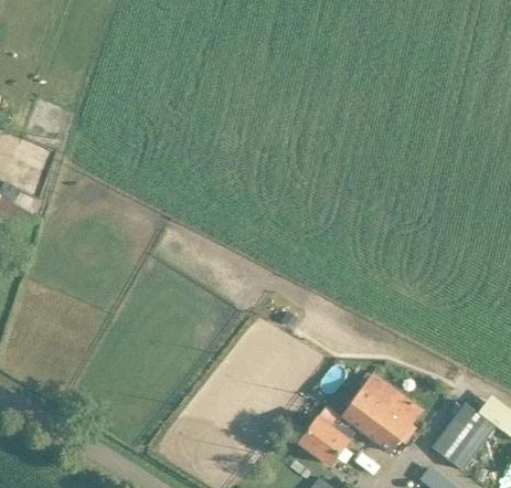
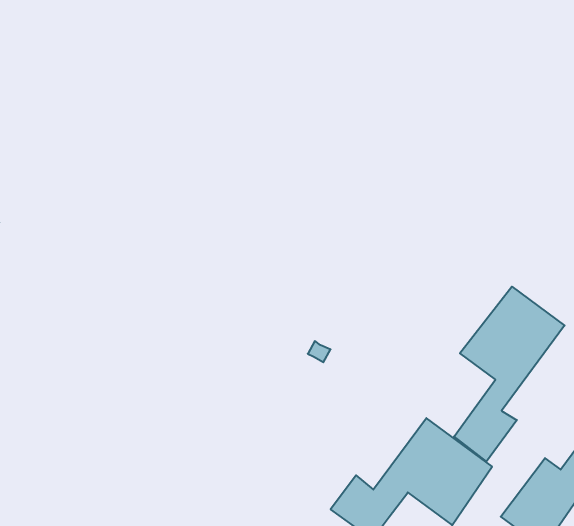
building: none -> [454,287,565,461]

